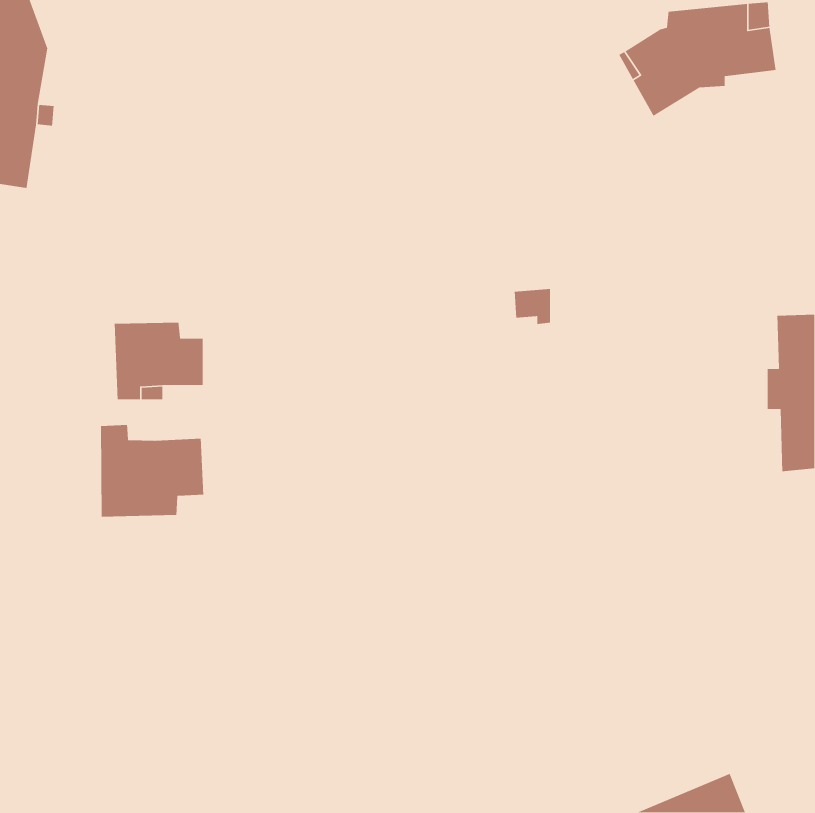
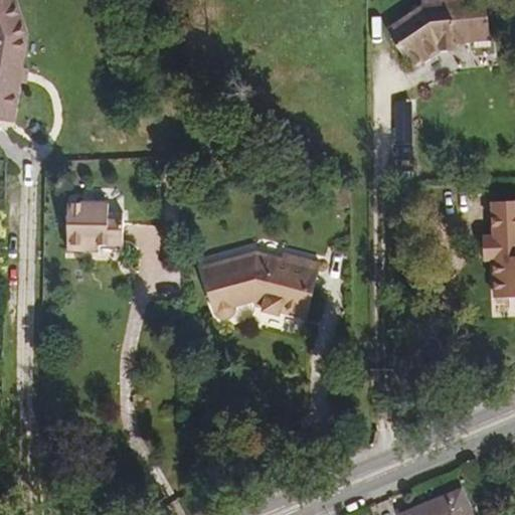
building: none -> [198,248,317,314]
building: [100,424,204,517] -> none

